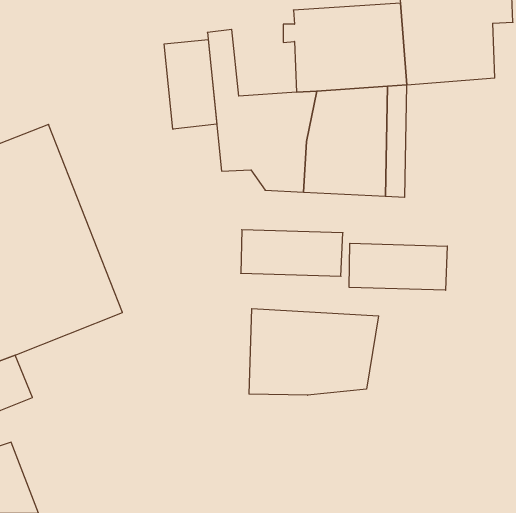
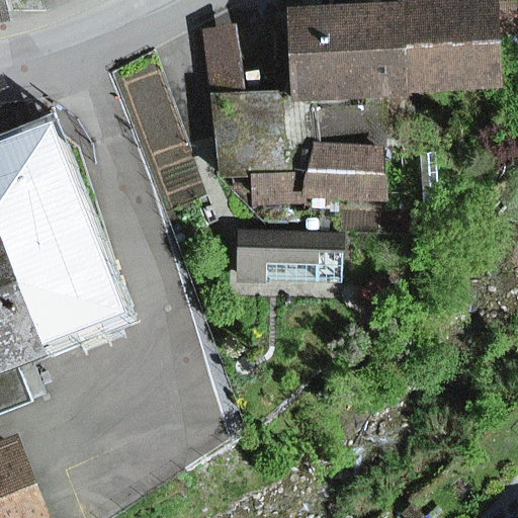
building: [164,40,217,129] -> none
building: [349,243,447,290] -> none
building: [249,309,379,395] -> none

